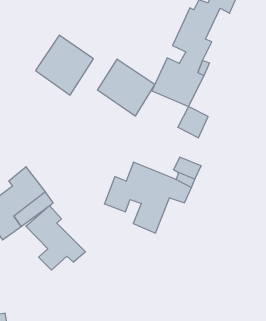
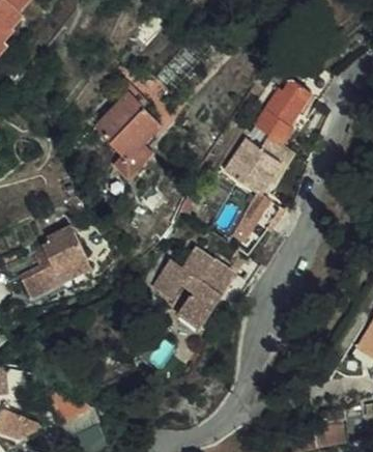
building: [97,59,155,116] -> none
building: [26,206,85,270] -> none

